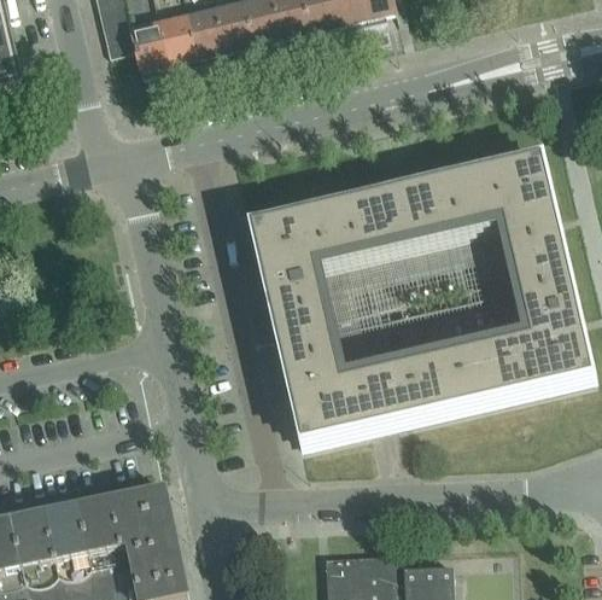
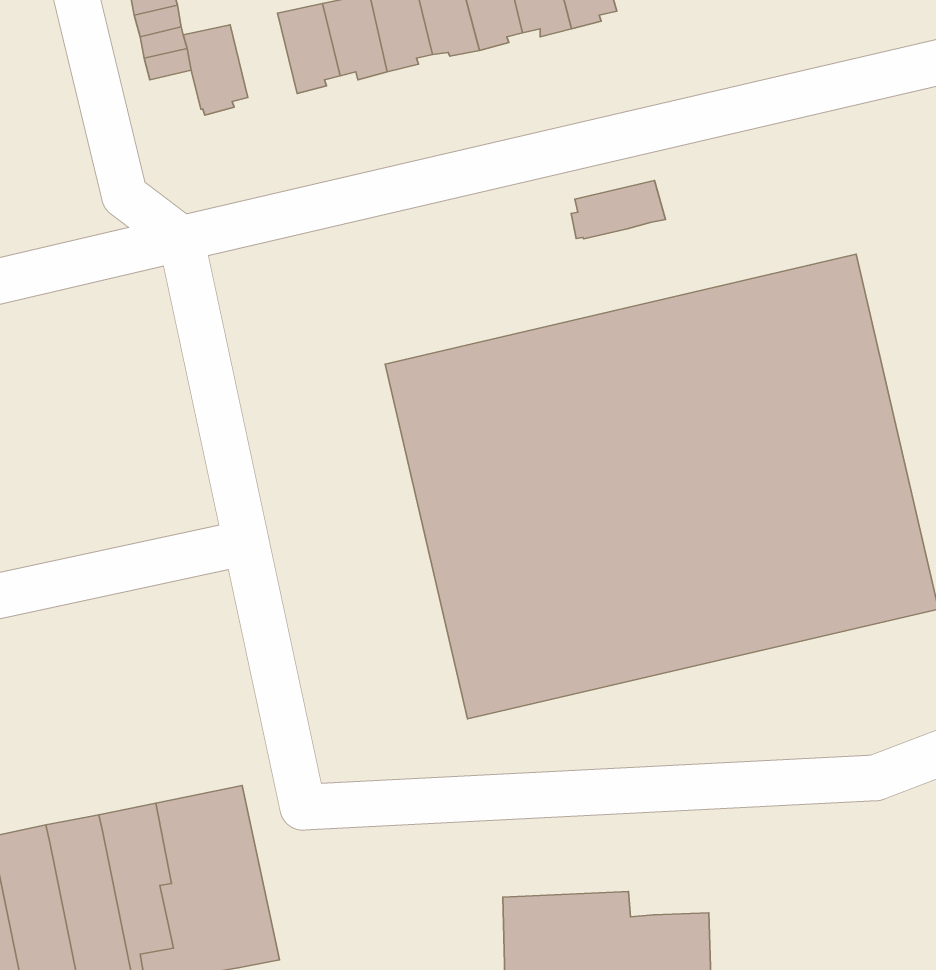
building: [157,8,198,62] -> none
building: none -> [571,180,665,239]

